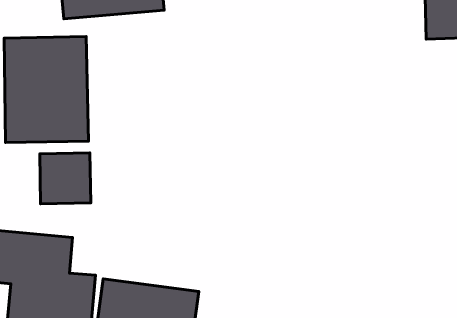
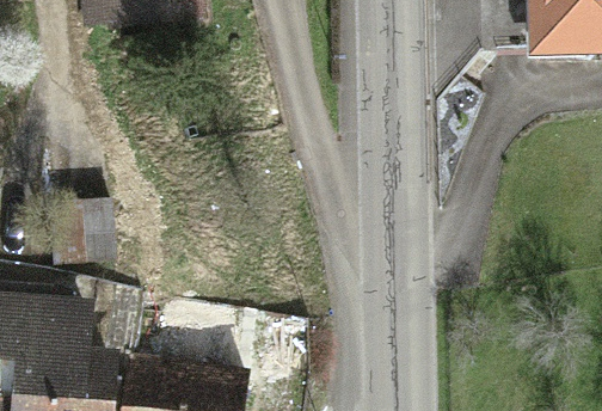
building: [4,37,89,143] -> none

